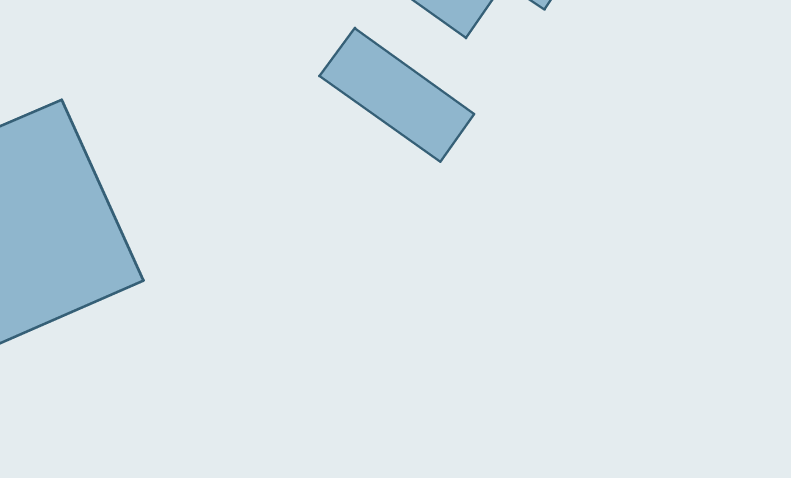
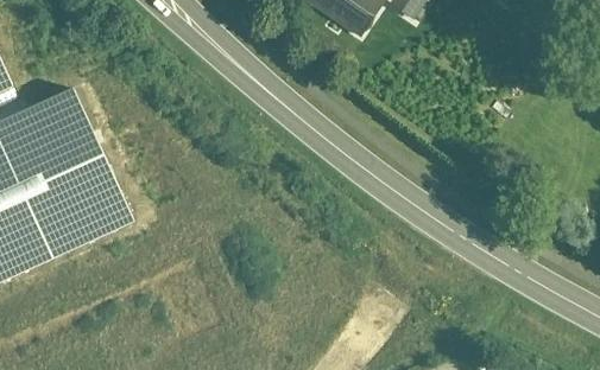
building: [319,28,474,162] -> none

